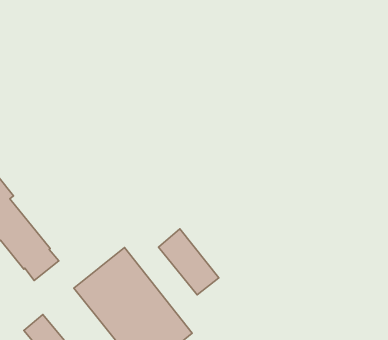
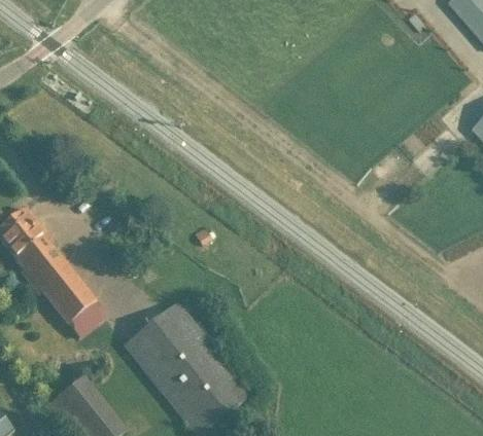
building: [159,229,219,295] -> none

